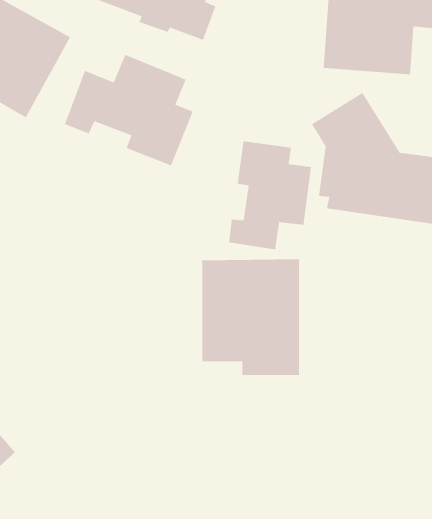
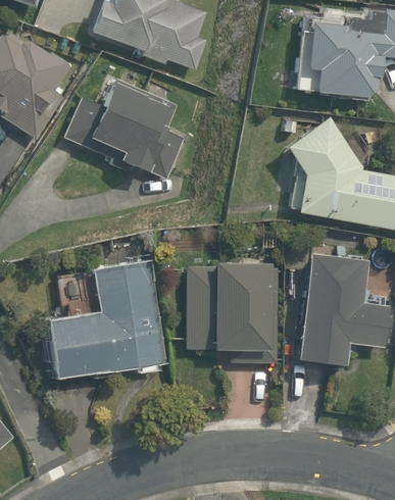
building: [229,140,312,250] -> none
building: none -> [298,250,389,366]
building: none -> [58,258,176,381]

